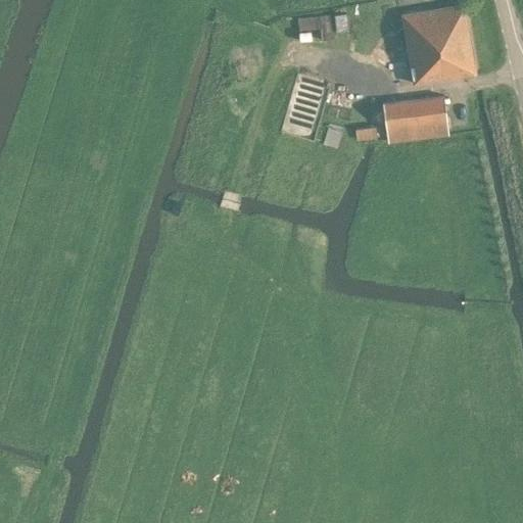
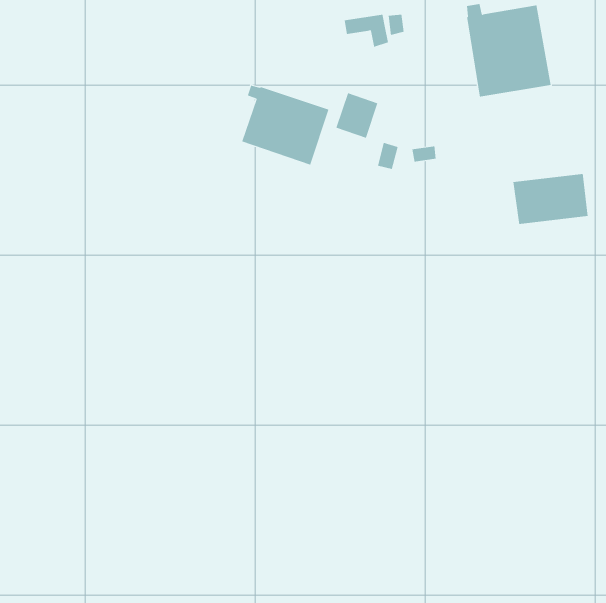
building: none -> [241,85,329,166]
building: [382,98,447,142] -> [512,174,588,225]

